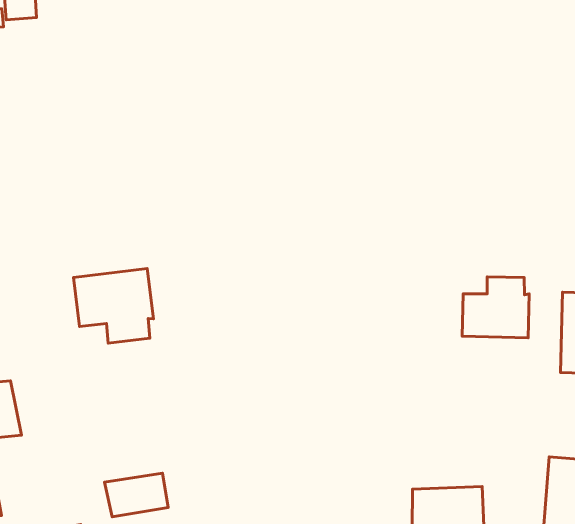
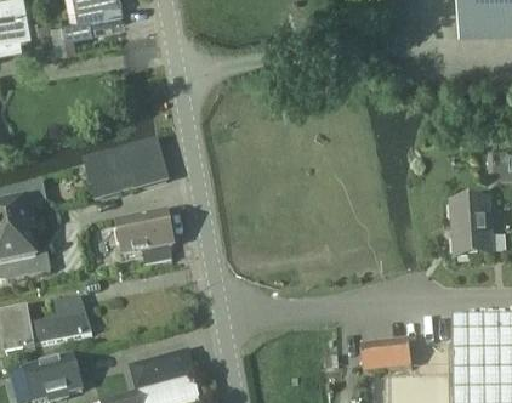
building: none -> [86,141,166,198]
building: [462,277,529,338] -> none

